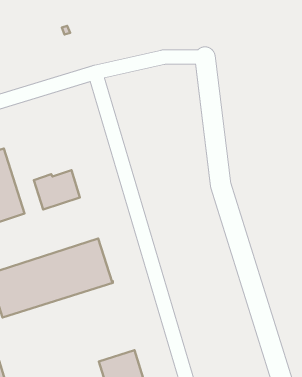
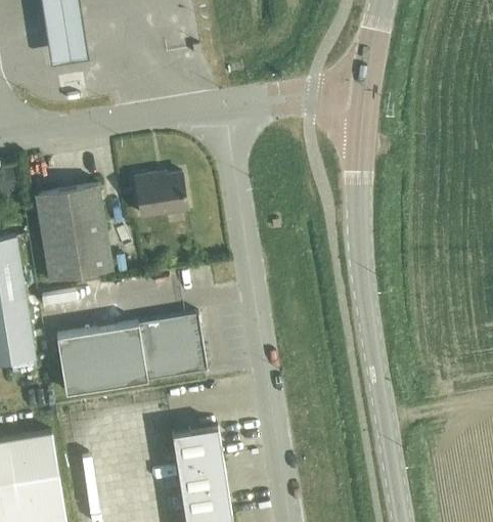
building: [34,170,80,209] -> [134,174,187,217]
building: none -> [171,427,222,465]

